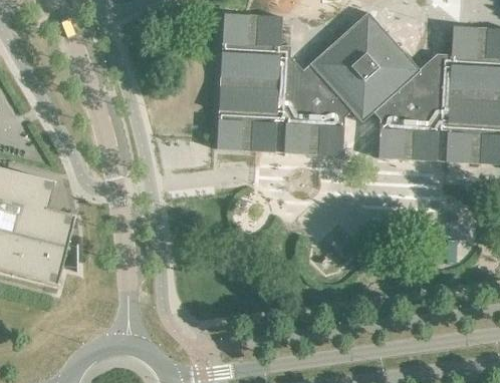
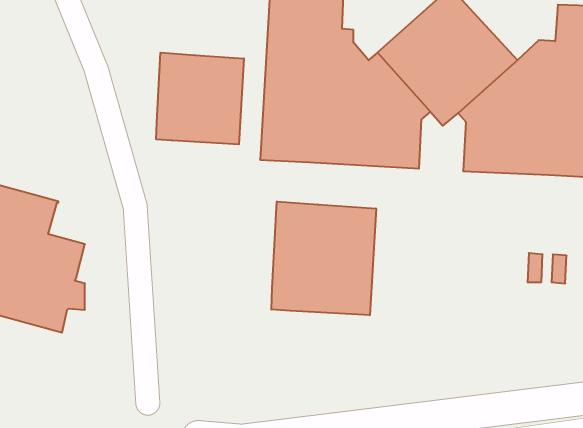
building: none -> [156,53,244,144]
building: none -> [271,201,376,315]

